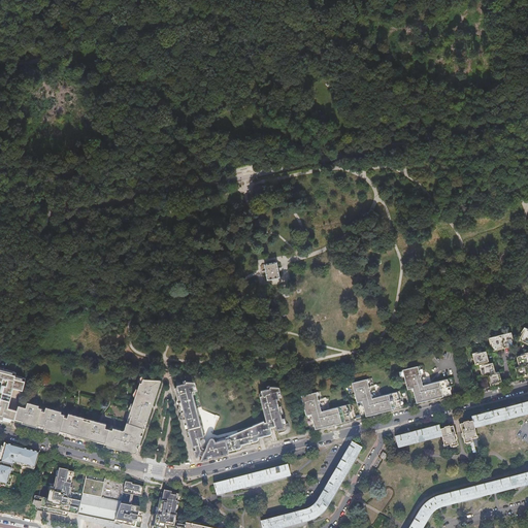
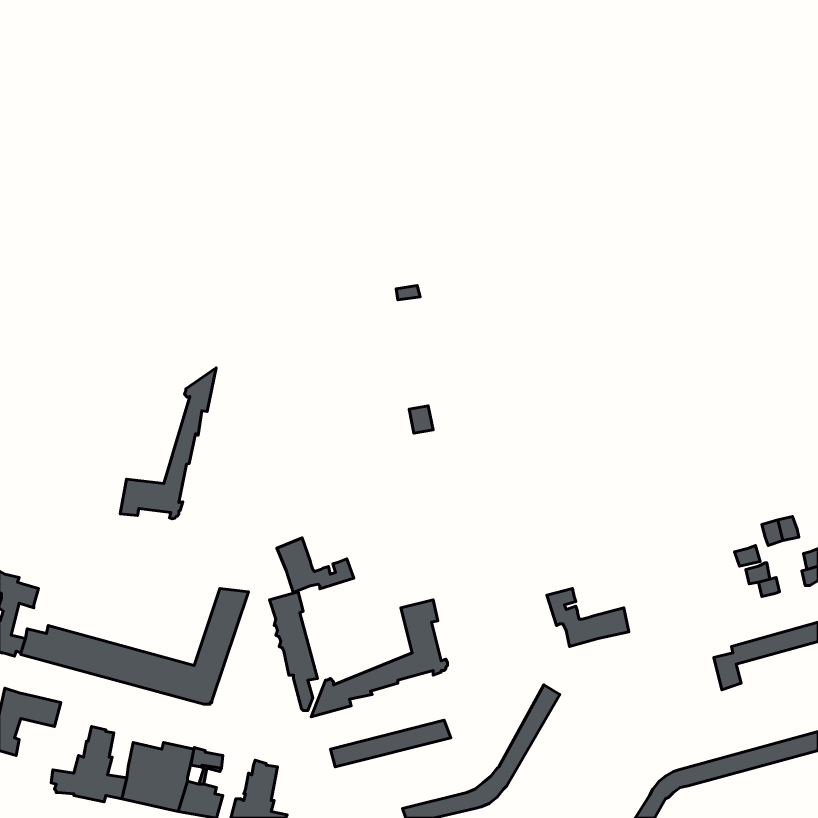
building: none -> [120,368,216,519]
building: none -> [277,538,354,593]
building: [402,366,452,403] -> none
building: [301,392,355,429] -> none
building: [394,424,457,448] -> none

